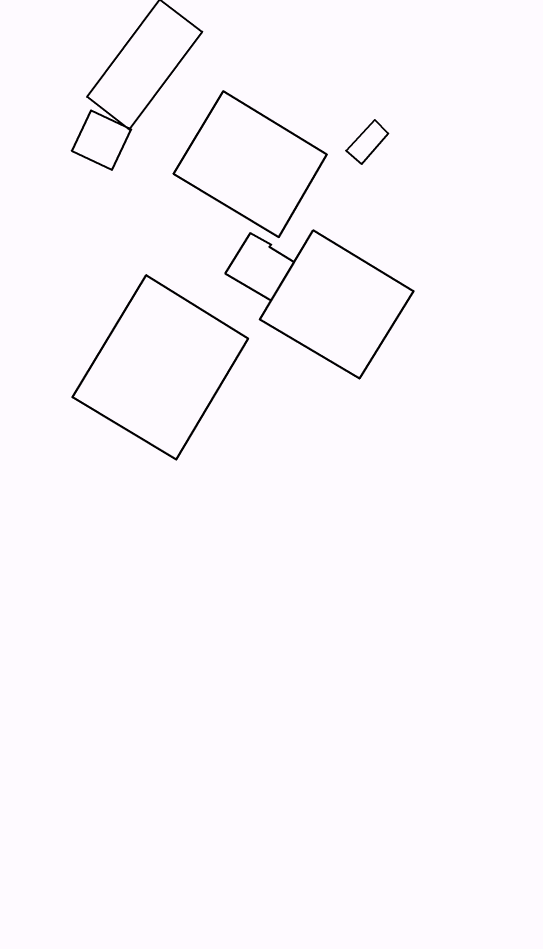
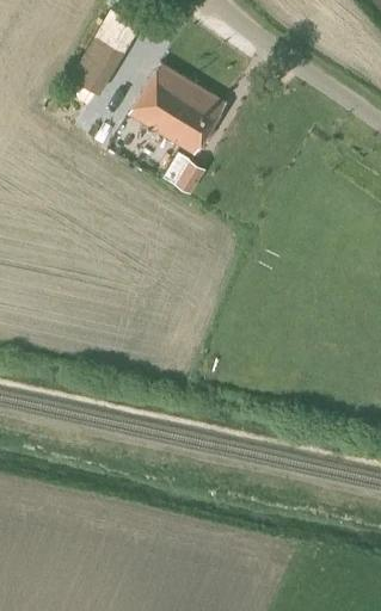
building: [260,230,414,379] -> none
building: [72,275,248,460] -> none

